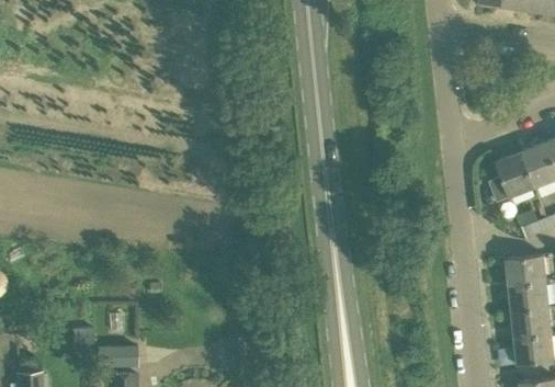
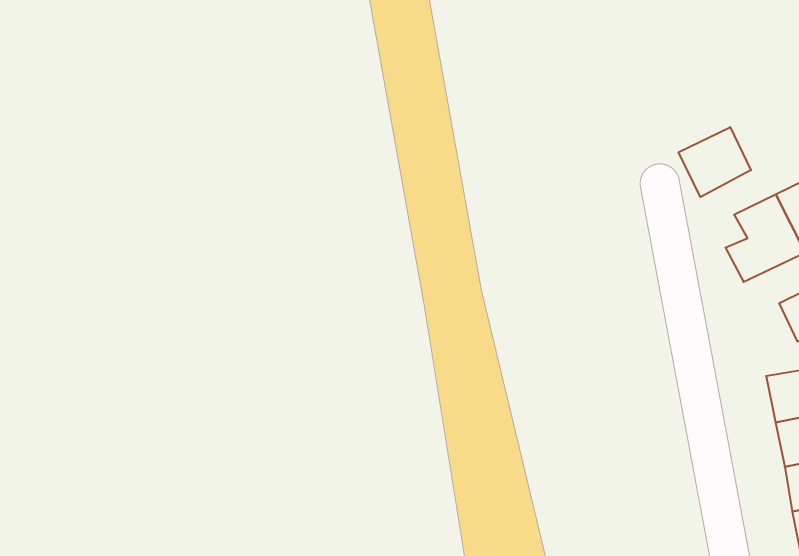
building: none -> [679,127,751,197]

